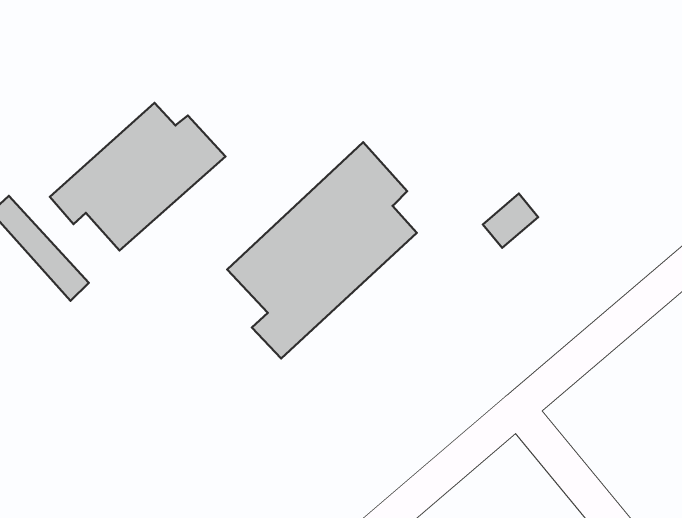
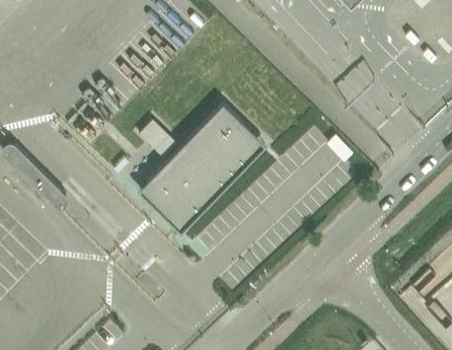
building: [50,103,226,251] -> none

